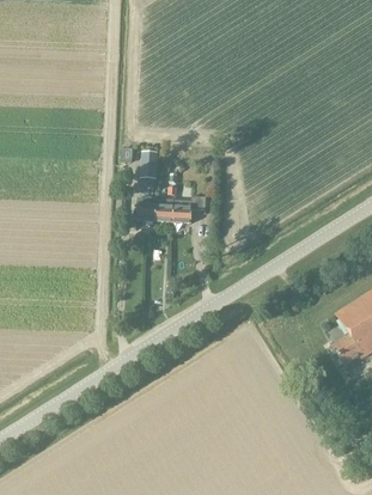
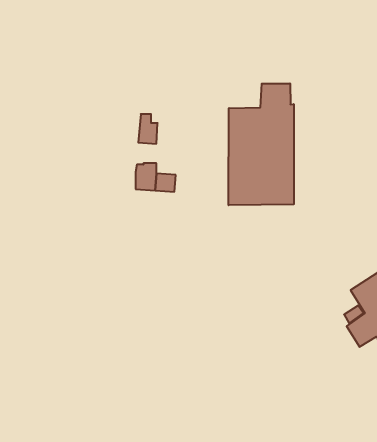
building: none -> [229,83,294,205]
building: [175,194,206,220] -> none

